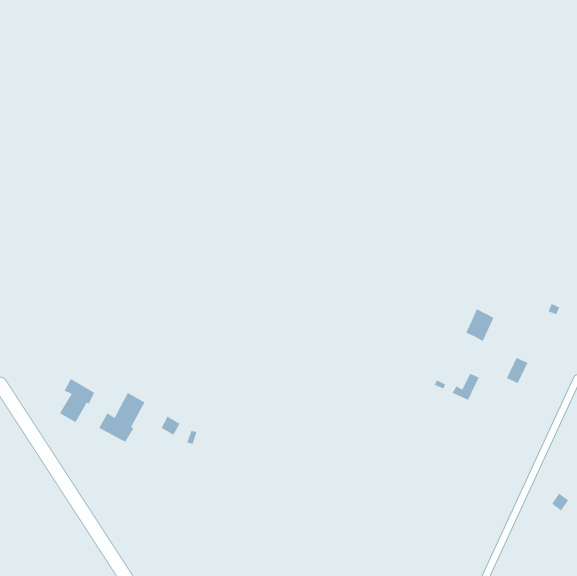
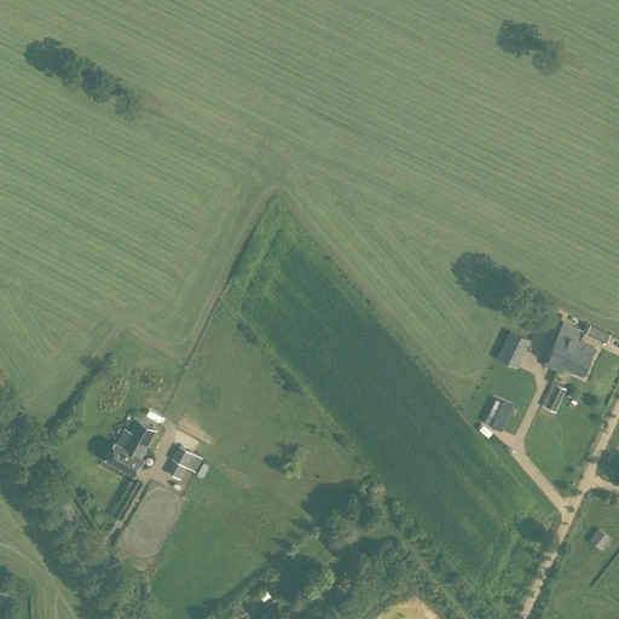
building: none -> [546,331,595,376]
building: [59,378,95,423] -> none

